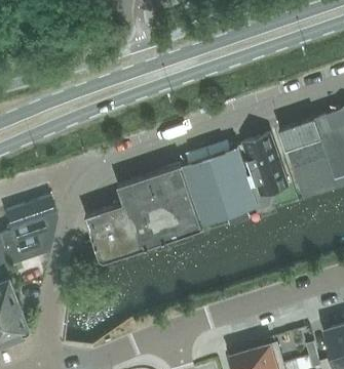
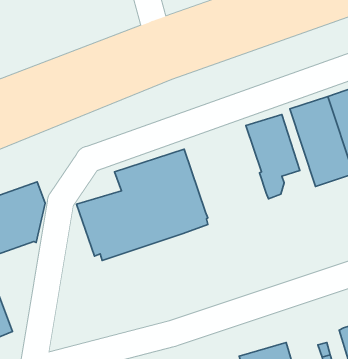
building: [183,149,258,224] -> none

